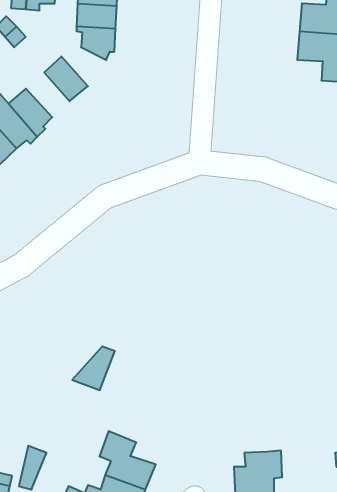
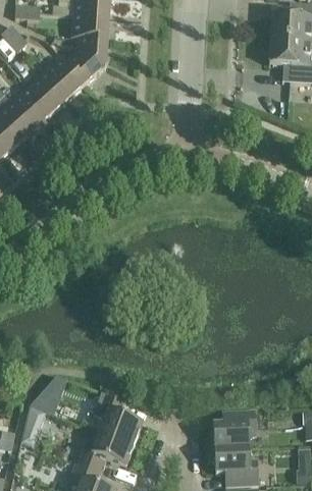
building: none -> [59,52,99,87]
building: none -> [28,74,66,114]
building: [72,346,115,390] -> [30,375,67,414]

